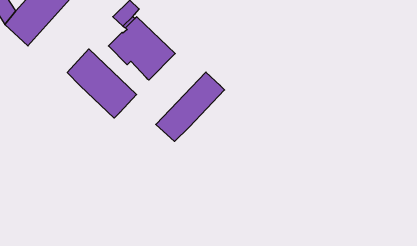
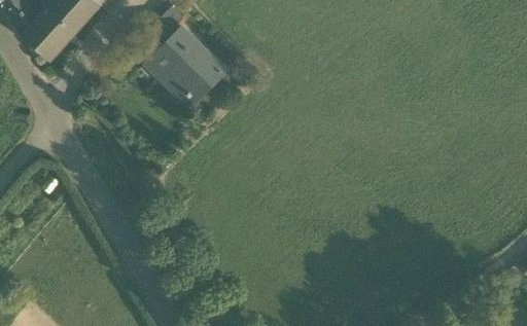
building: [67,49,137,118] -> none
building: [156,72,225,141] -> none

